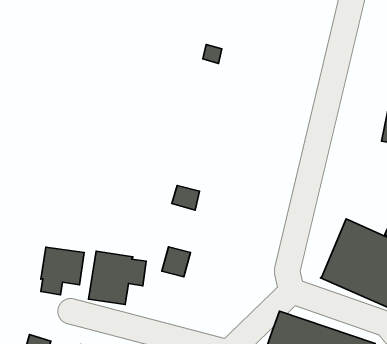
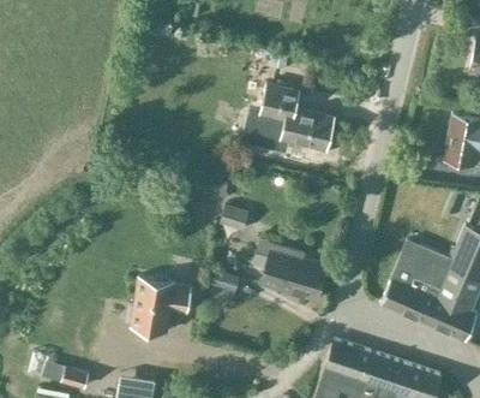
building: none -> [258,84,336,153]
building: none -> [252,239,326,298]
building: [41,247,84,295] -> none

